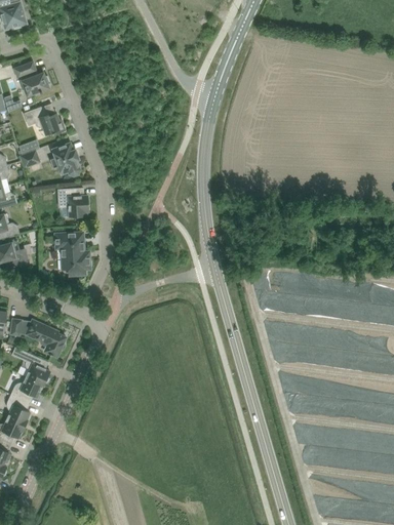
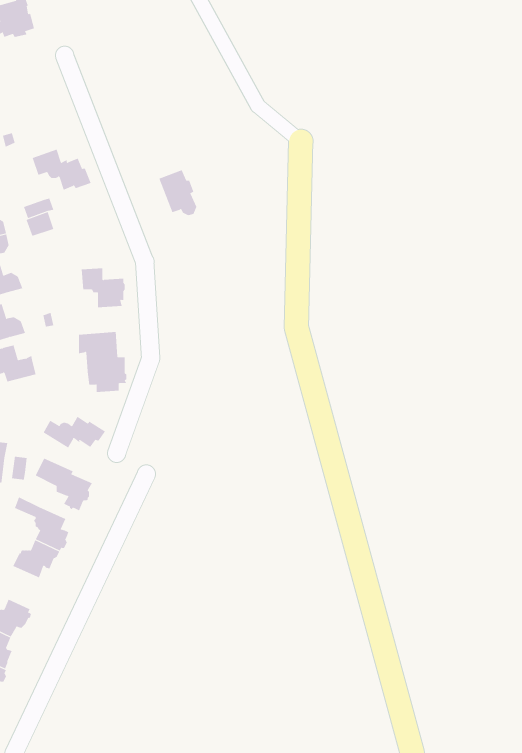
building: [13,62,49,96] -> none
building: [52,144,79,175] -> [159,170,197,216]
building: none -> [43,416,106,448]
building: [6,395,29,426] -> none

